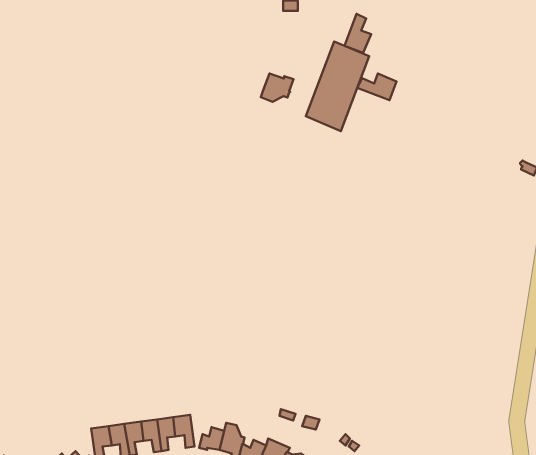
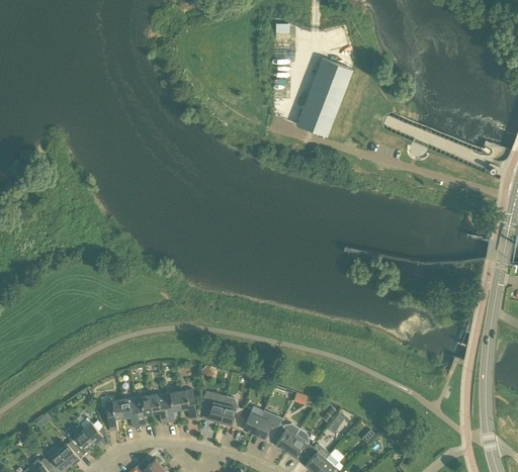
building: [344,14,371,53] -> none
building: [261,73,293,102] -> none
building: [357,73,397,100] -> none

